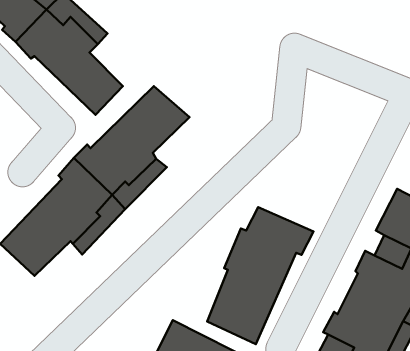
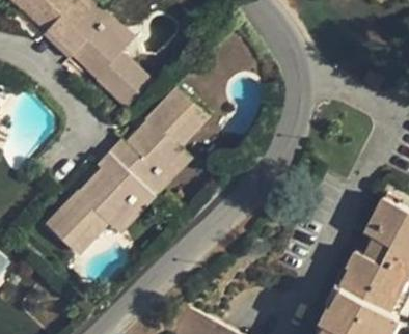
building: [207,207,313,344] -> none

